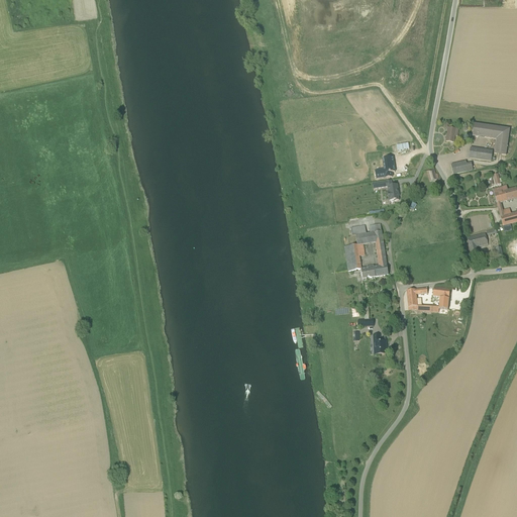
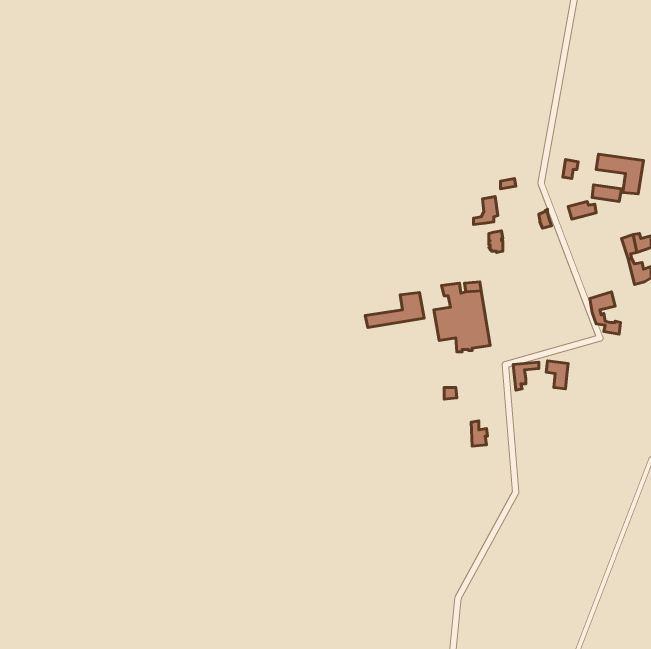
building: none -> [365,292,424,327]

